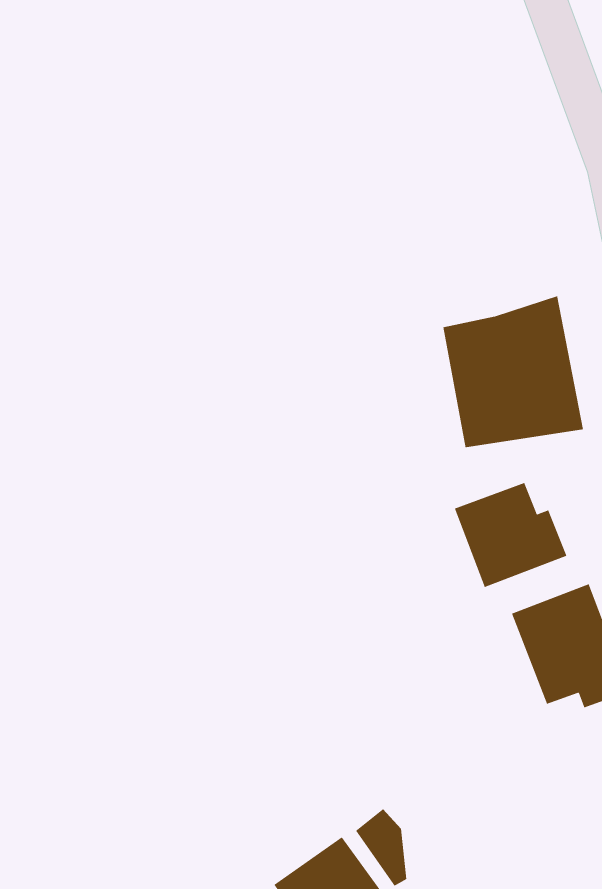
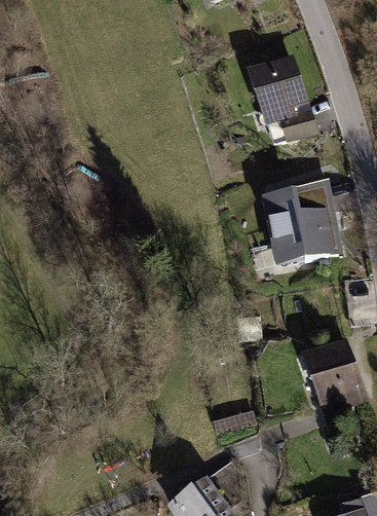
building: none -> [250,56,316,137]
building: [454,482,567,588] -> none

